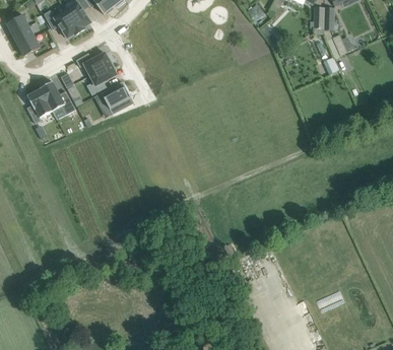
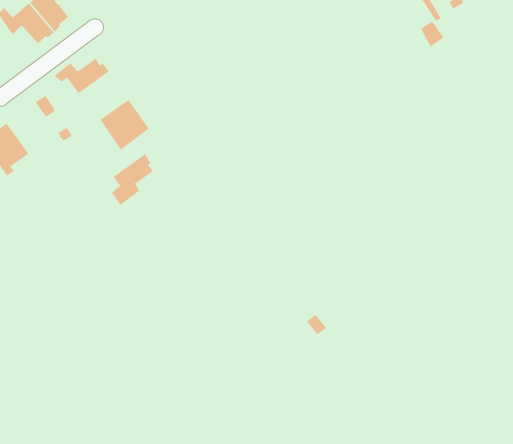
building: [82,62,117,94] -> [104,153,154,206]
building: [40,80,74,112] -> none

